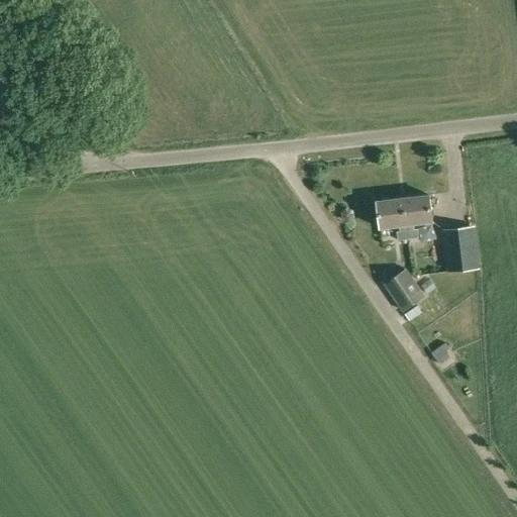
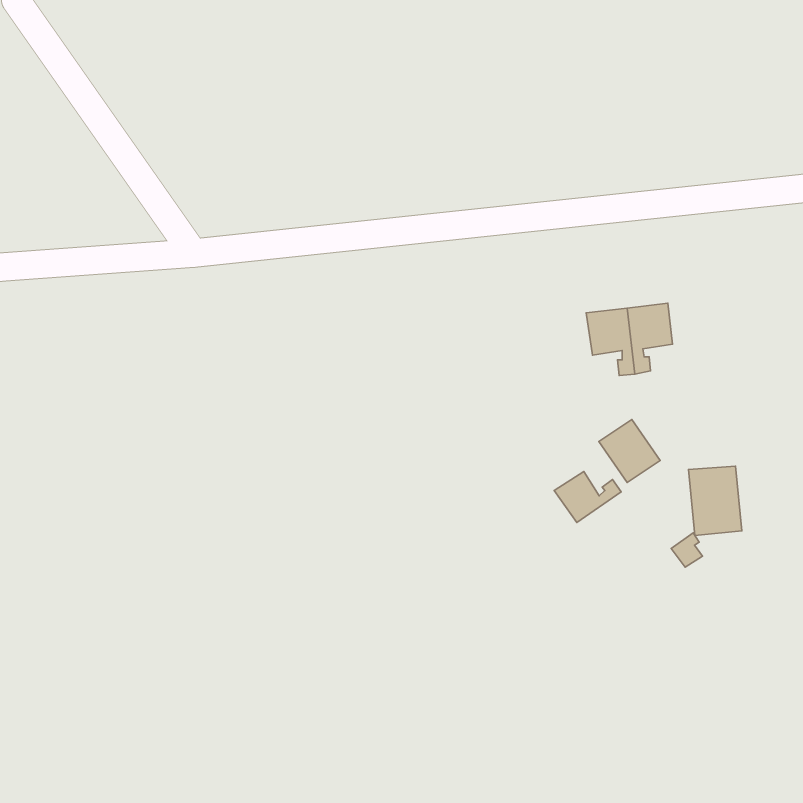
building: [445,229,480,274] -> [689,466,742,535]
building: none -> [554,471,621,523]

